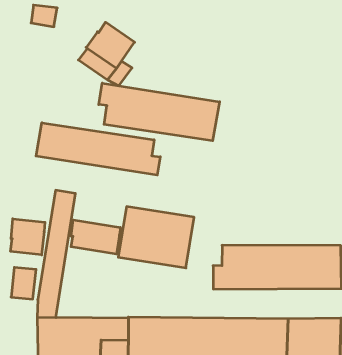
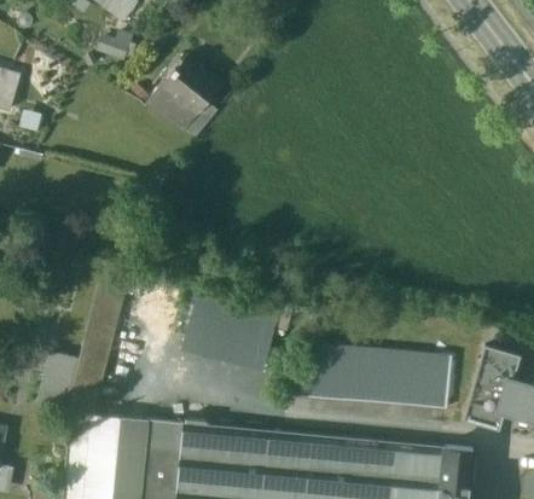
building: [99,83,220,141] -> none
building: [36,123,160,175] -> none
building: [11,219,45,255] -> none
building: [71,220,120,254] -> none

